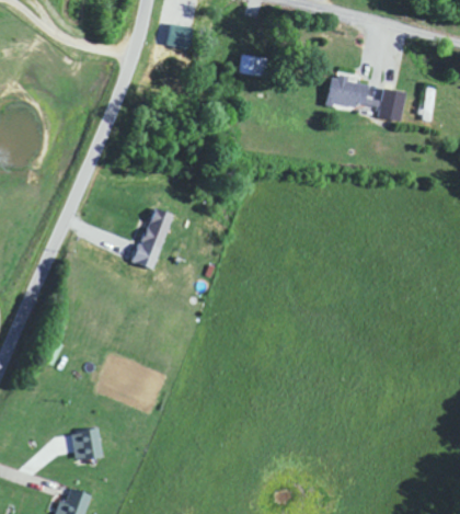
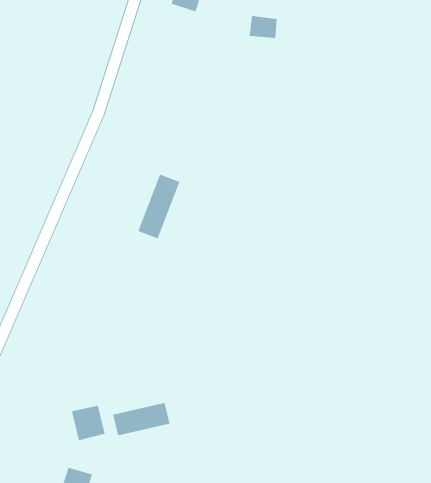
building: [326,76,406,122] -> none
building: none -> [113,402,170,436]

